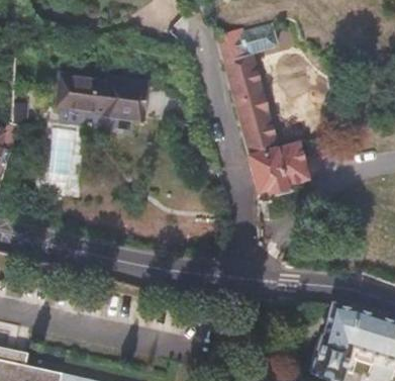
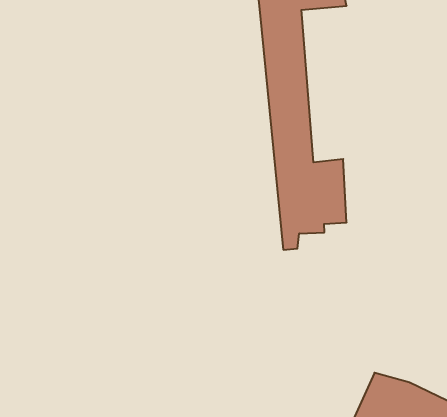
building: [61,74,150,120] -> none

